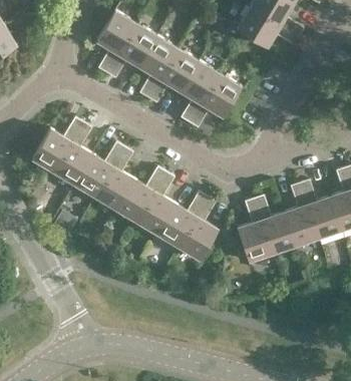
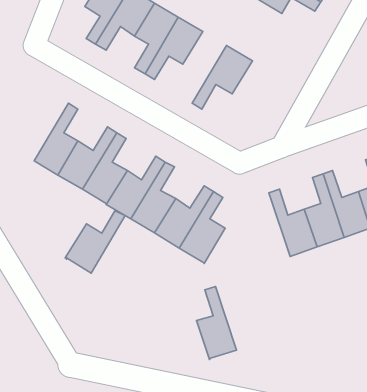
building: [181,62,218,123] -> none
building: [32,119,83,172] -> [65,211,125,273]
building: [238,200,272,262] -> [197,286,237,359]

